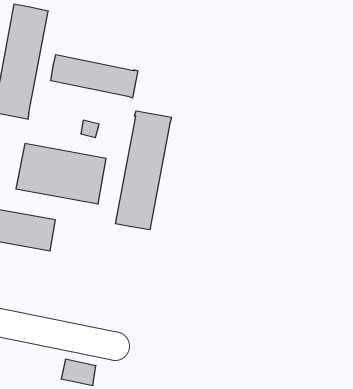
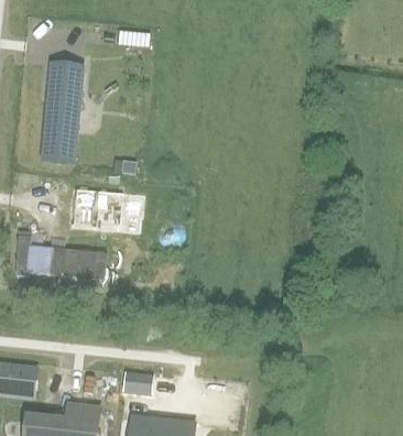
building: [51,55,138,98] -> none
building: [115,111,172,230] -> none

